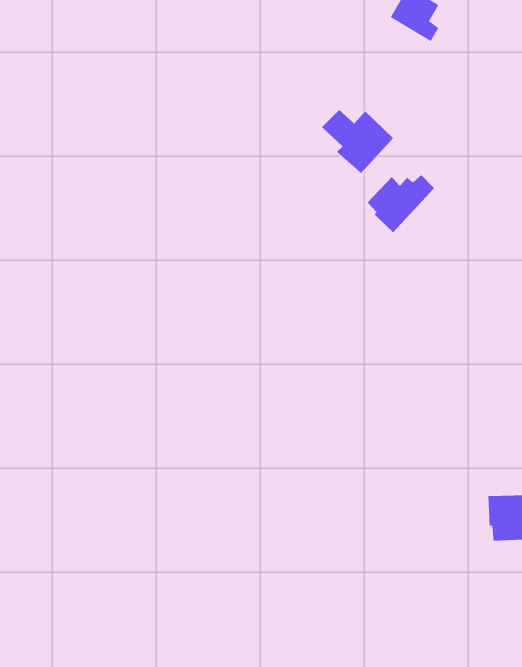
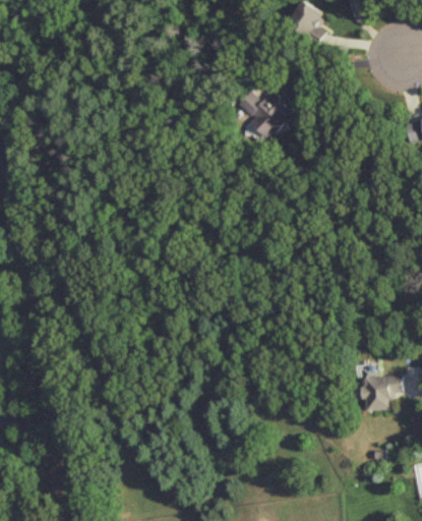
building: [367,174,435,233] -> none

